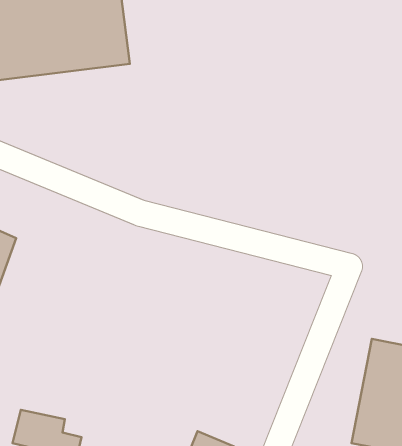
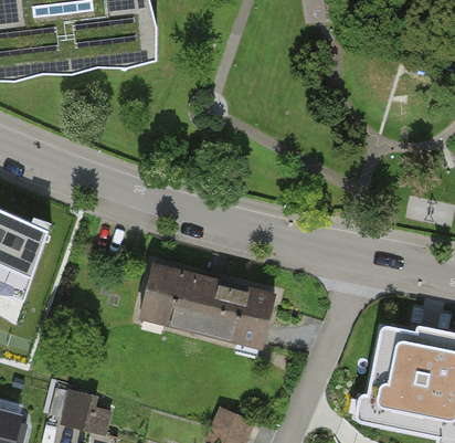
building: none -> [137,263,276,349]

